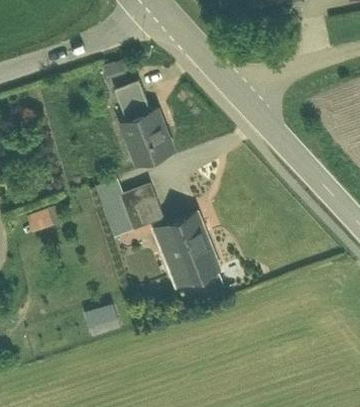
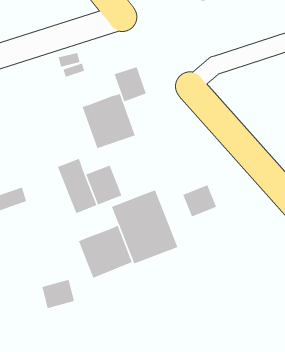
building: [116,81,151,119] -> [113,66,147,103]
building: none -> [182,184,217,217]
building: none -> [78,225,133,279]

